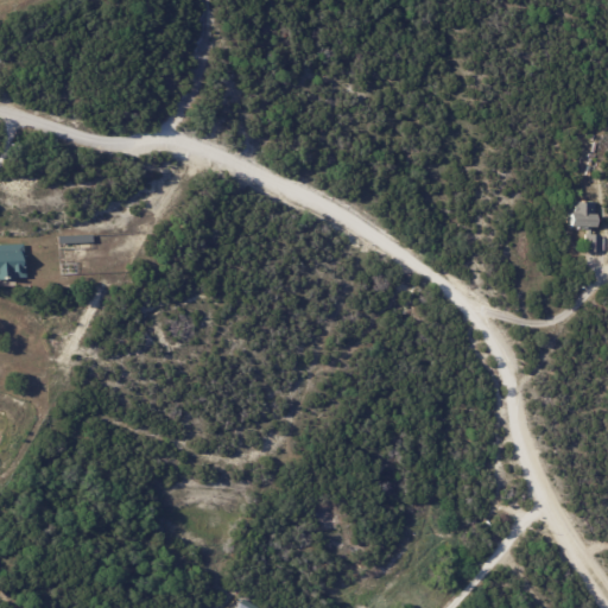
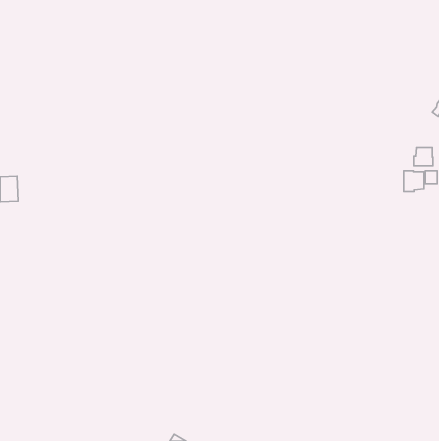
building: none -> [404,171,424,192]

